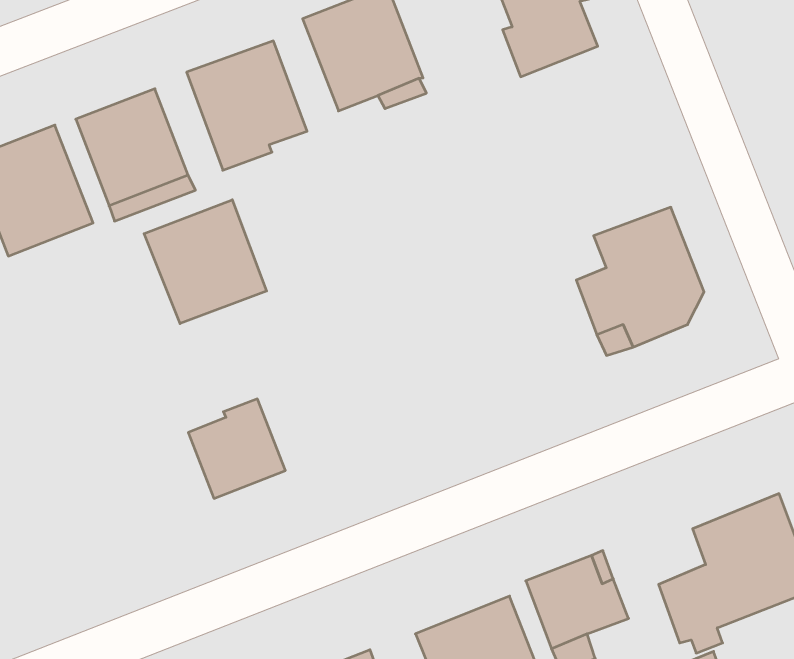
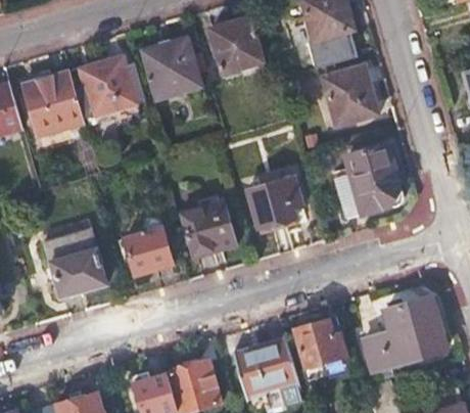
building: none -> [323,62,379,124]
building: [144,200,267,324] -> none
building: none -> [248,176,303,233]
building: none -> [180,198,238,257]
building: none -> [44,227,108,296]

